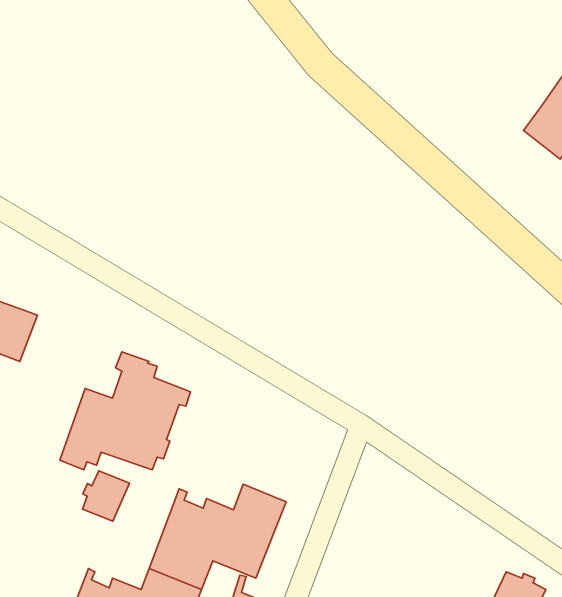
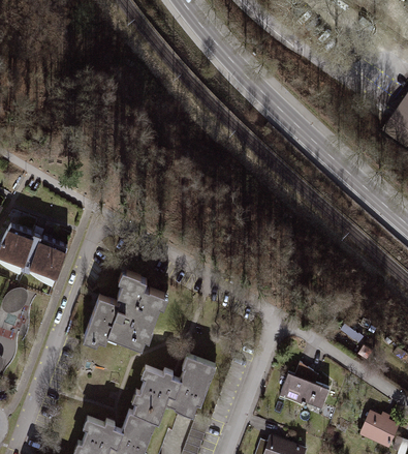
building: [82,471,129,521] -> none
building: none -> [279,364,326,407]

